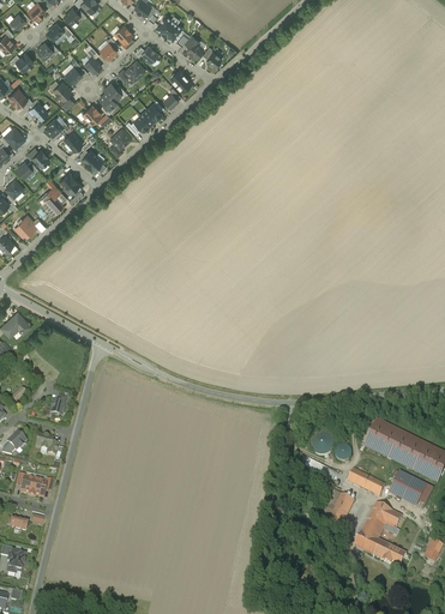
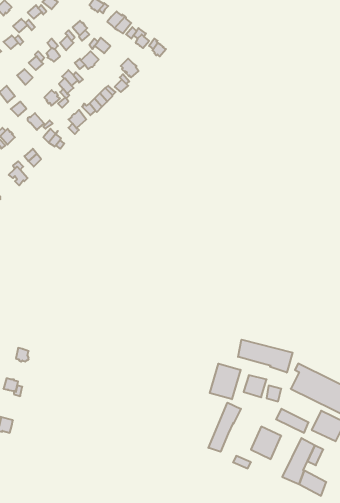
building: none -> [238,340,293,373]
building: none -> [210,364,241,399]
building: none -> [208,403,241,452]

